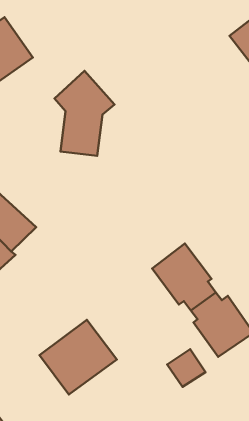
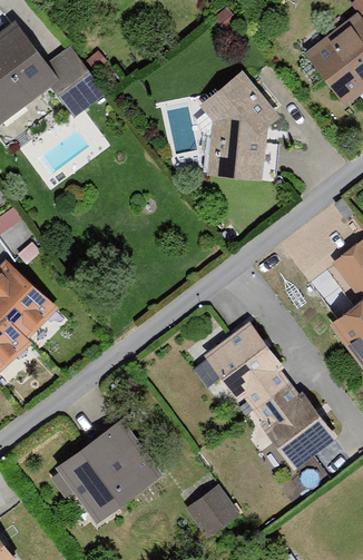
building: none -> [47,53,96,106]
building: [54,71,114,156] -> [204,72,282,183]
building: [167,349,206,387] -> [185,489,235,538]

